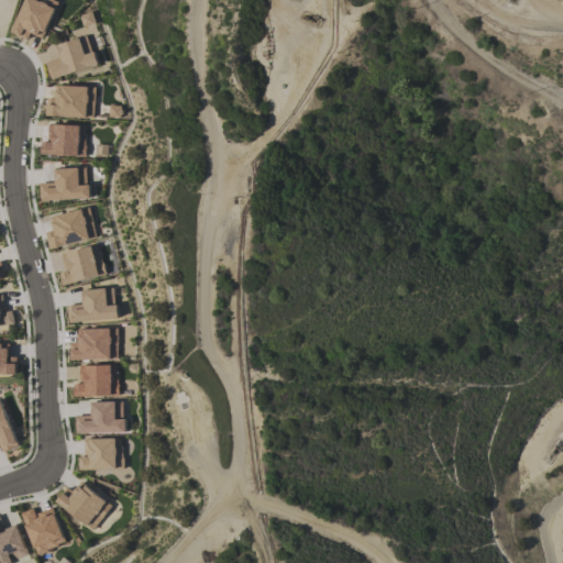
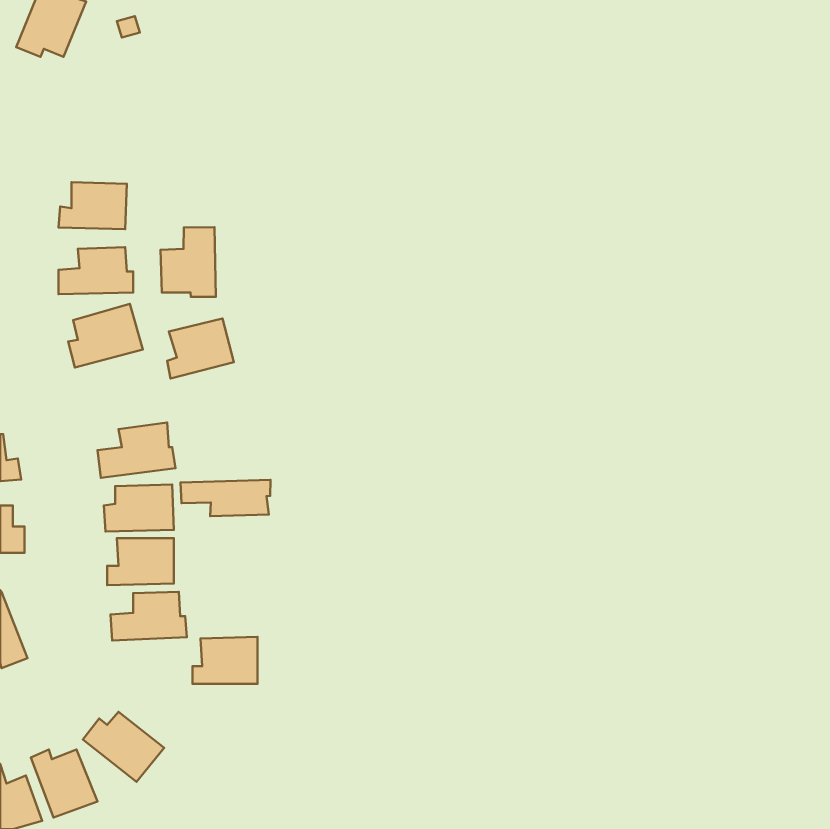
building: [46,36,99,77] -> none
building: [47,86,95,117] -> none
building: none -> [160,227,216,297]
building: [59,244,104,285] -> [167,318,234,379]
building: none -> [180,480,270,516]
building: [78,437,122,468] -> [192,637,257,684]

